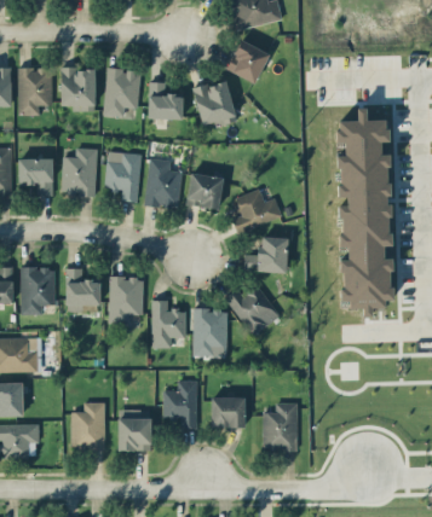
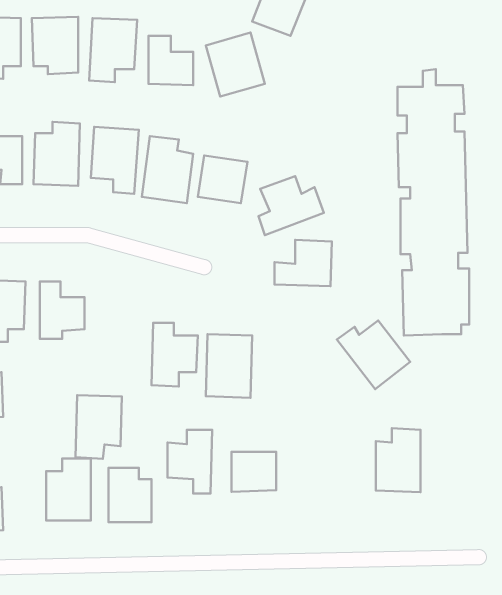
building: [109,277,144,325] -> [76,395,122,459]
building: [225,284,281,336] -> [337,320,410,389]
building: [264,402,298,451] -> [376,428,421,492]

